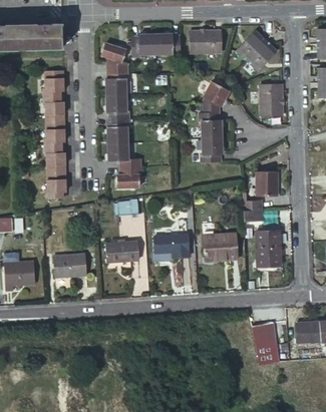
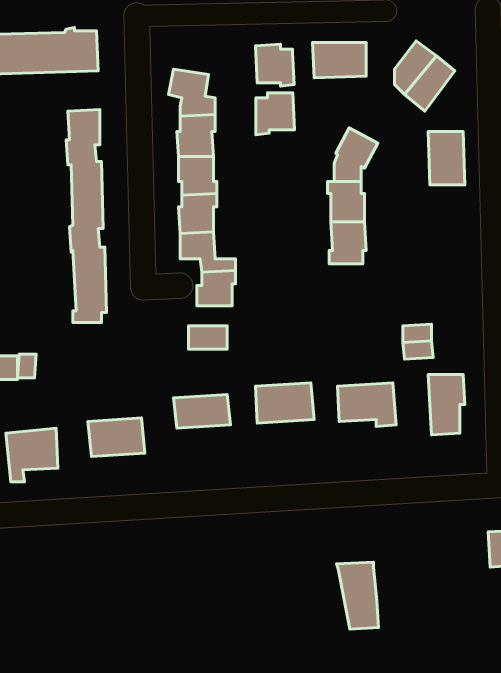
building: [133,32,156,57] -> [256,93,294,135]
building: [257,170,278,194] -> none
building: [250,325,275,365] -> [336,562,378,629]

